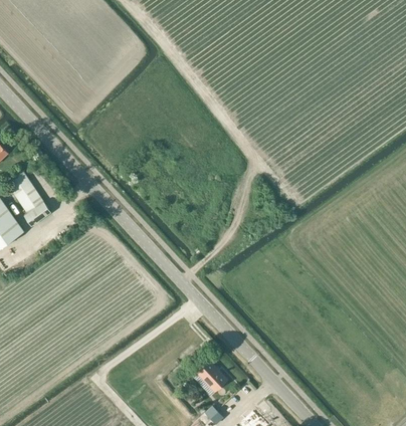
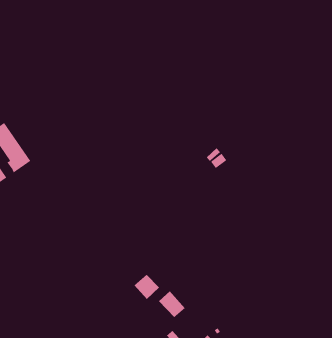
building: none -> [133,274,160,300]

